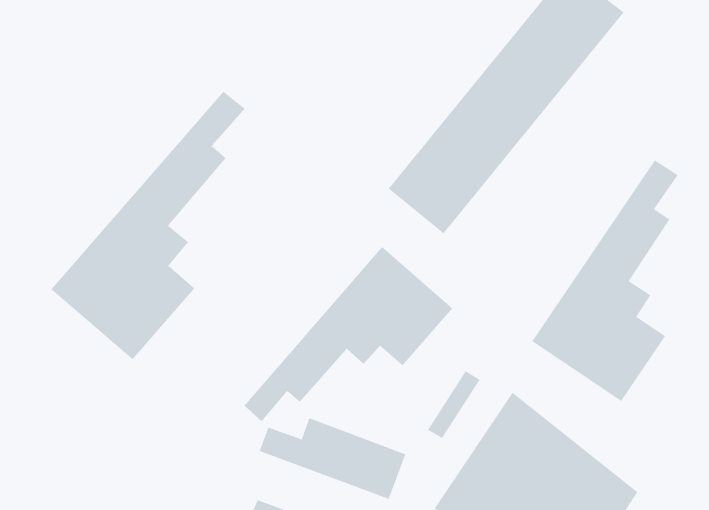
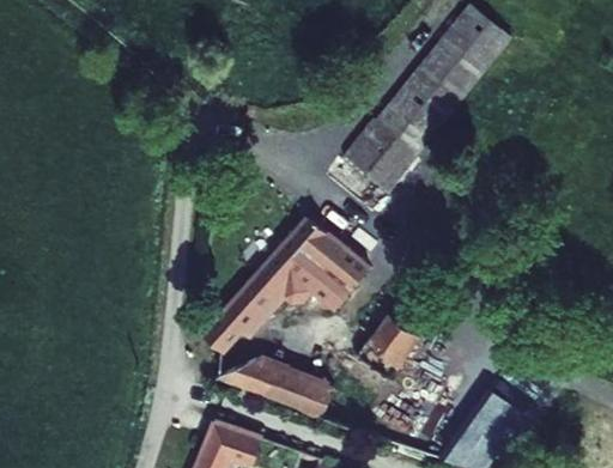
building: [51,91,245,360] -> none
building: [531,160,679,402] -> none

